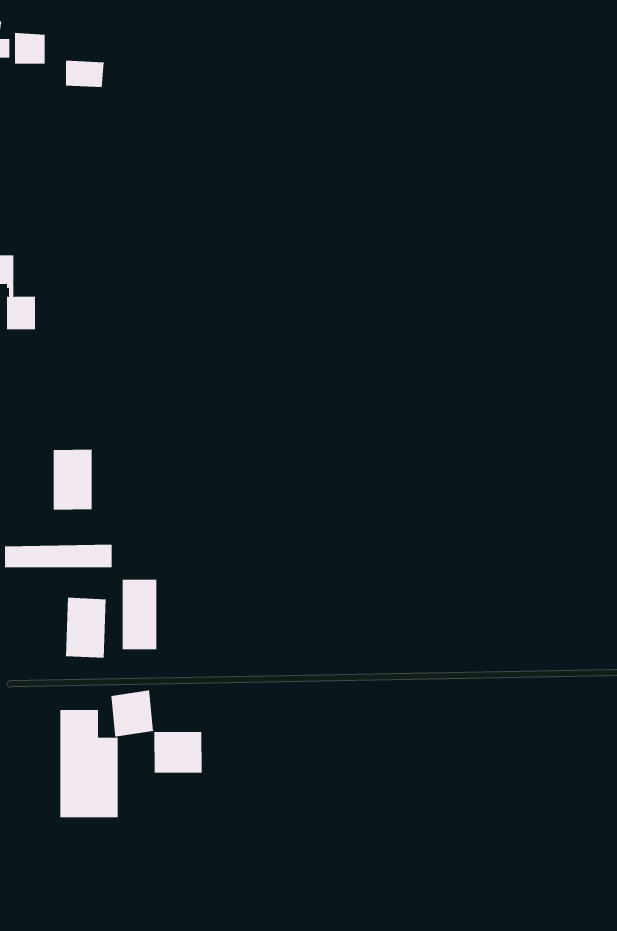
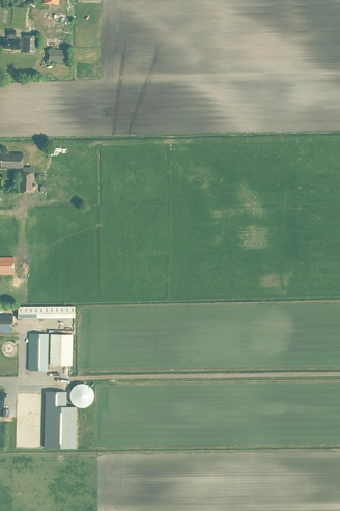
building: [53,449,92,510] -> none
building: [122,579,157,650] -> [28,333,47,370]
building: [154,731,202,774] -> none

